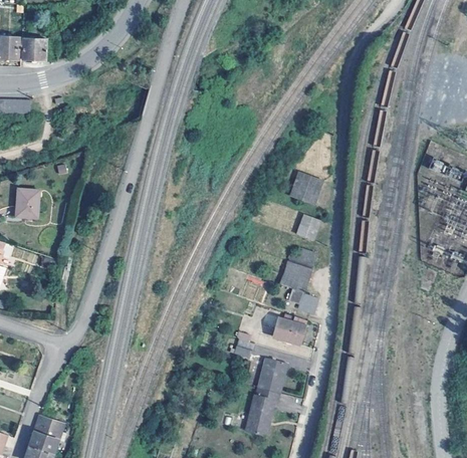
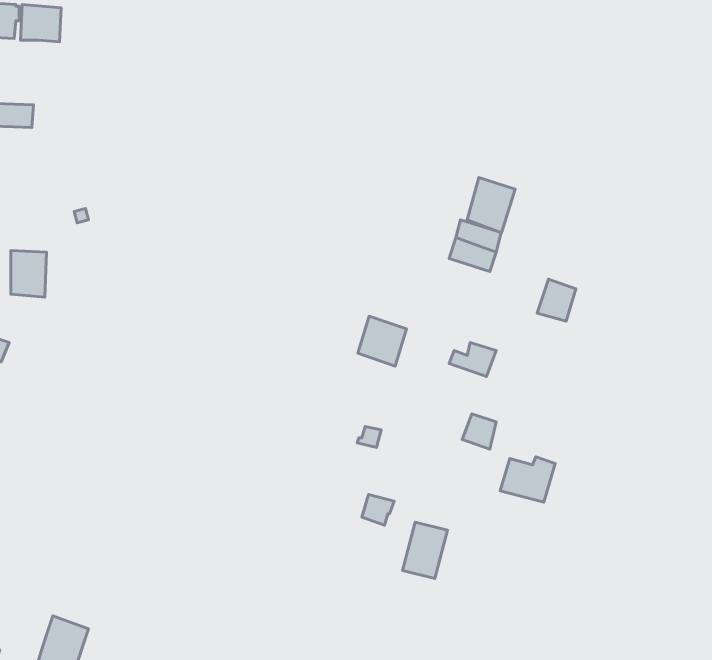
building: none -> [467,178,515,233]
building: [294,212,318,238] -> [537,279,576,321]
building: [280,260,310,291] -> [358,316,406,366]
building: [273,317,307,346] -> [500,457,555,502]
building: [245,389,278,436] -> none

